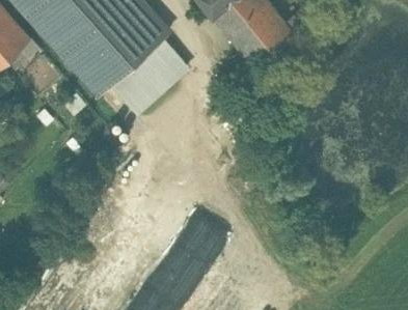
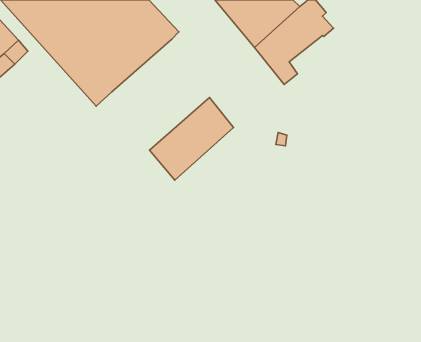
building: [108,34,181,106] -> [150,97,233,180]

